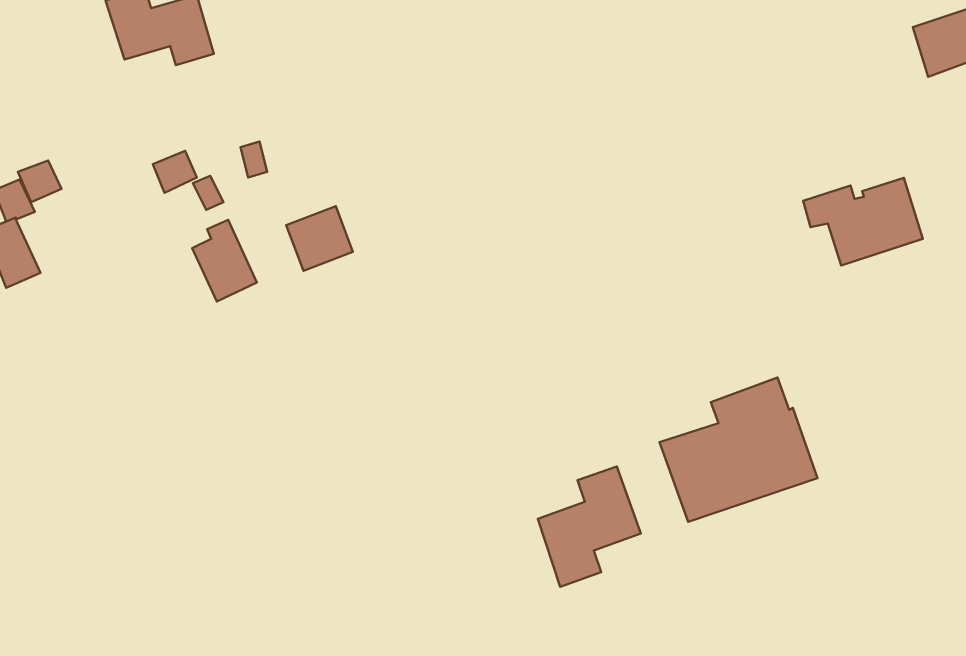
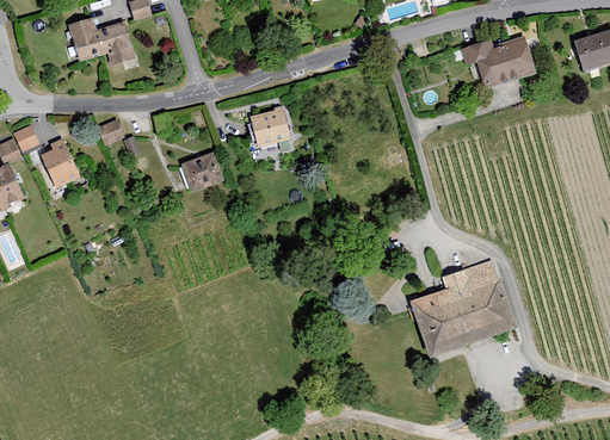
building: none -> [248,109,290,148]
building: [803,178,923,265] -> [461,36,536,91]
building: [192,220,257,302] -> [39,138,80,190]
building: [538,467,641,587] -> none

